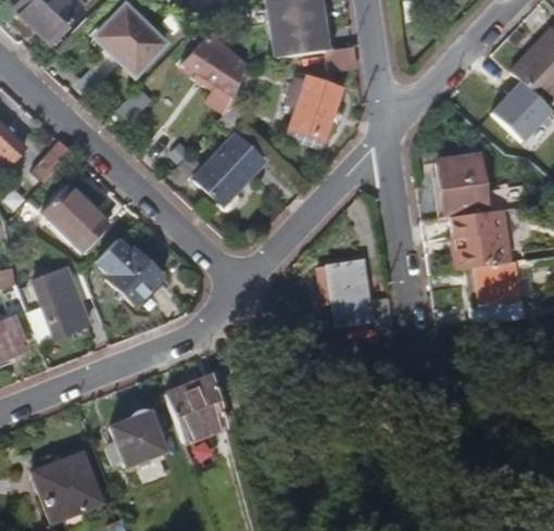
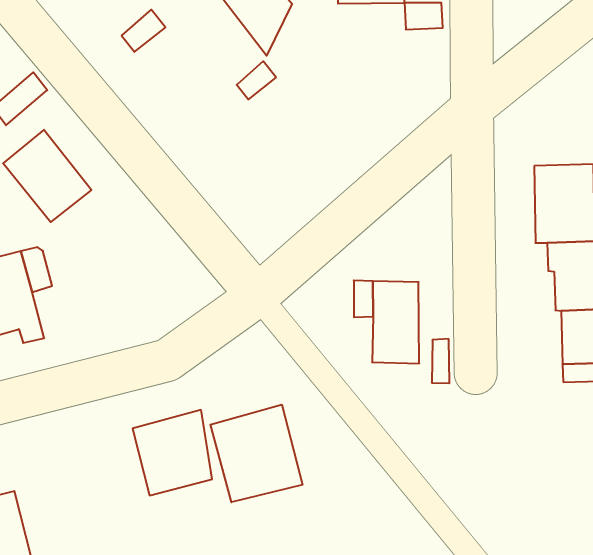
building: [290,76,340,139] -> none
building: [196,132,263,211] -> none
building: [101,248,160,305] -> none
building: none -> [210,405,303,502]
building: [106,409,164,466] -> none

